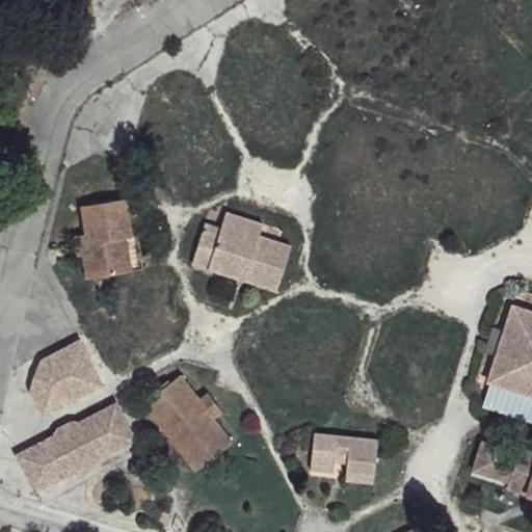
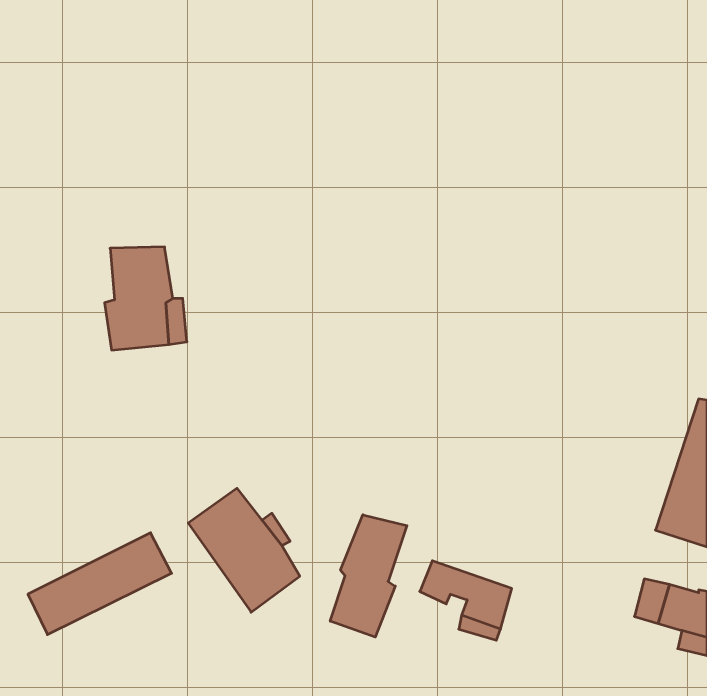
building: [194,213,291,293] -> none
building: [32,341,95,405] -> none
building: none -> [330,515,407,637]

